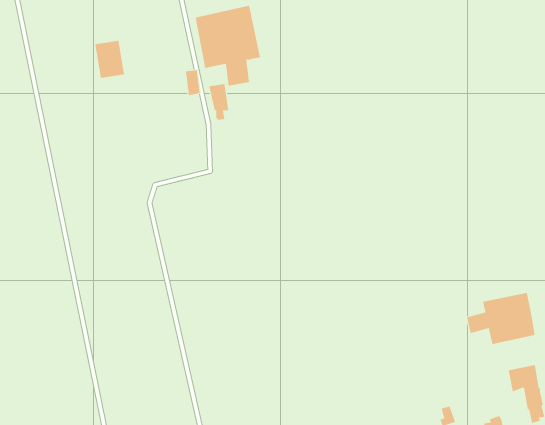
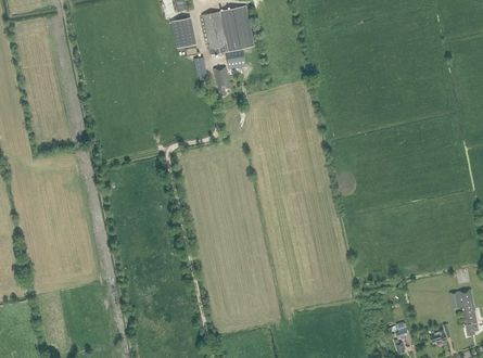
building: [95,40,125,79] -> [171,16,195,47]
building: [467,292,535,345] -> none

